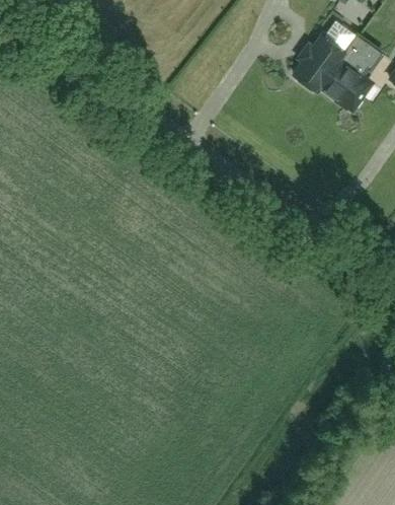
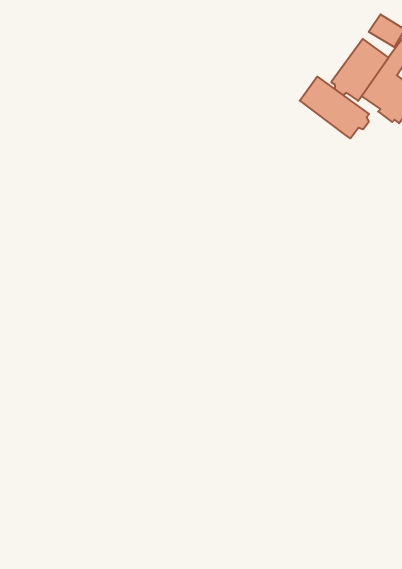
building: none -> [300,77,369,138]

